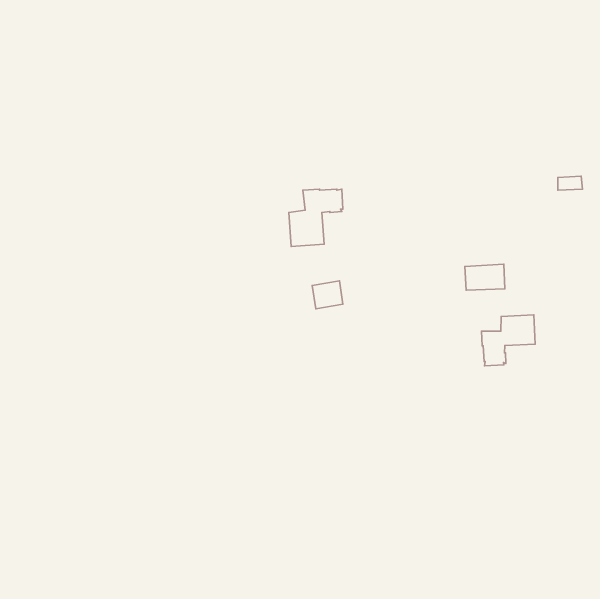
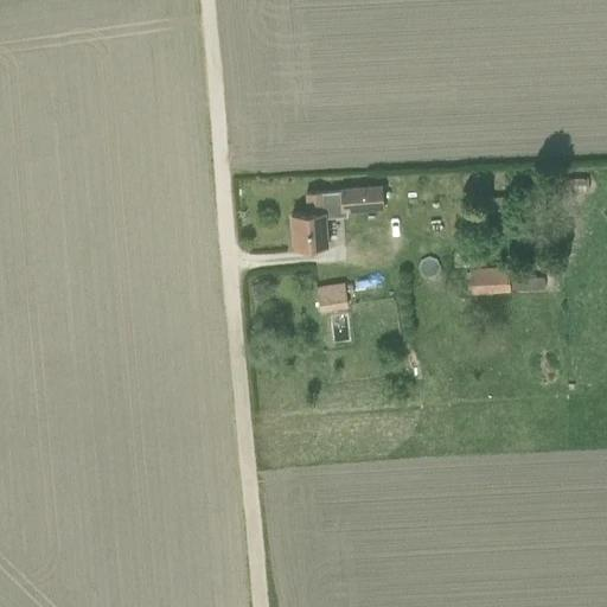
building: none -> [340,187,384,212]
building: [482,315,535,366] -> none

